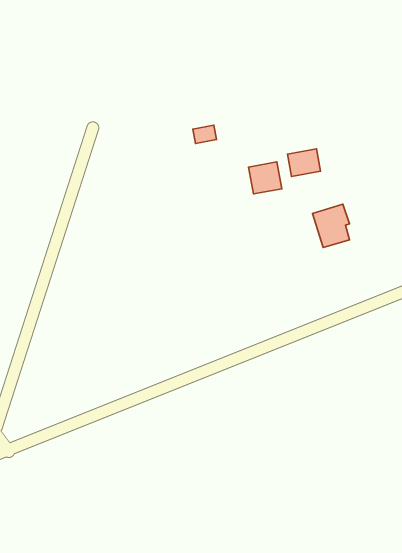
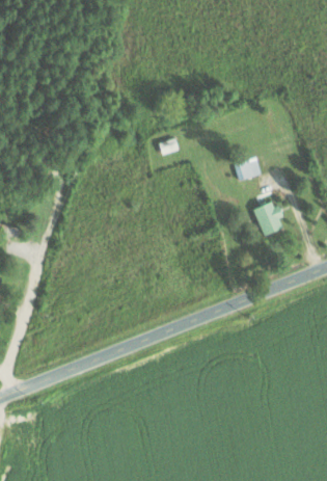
building: [248,162,282,194] -> none

